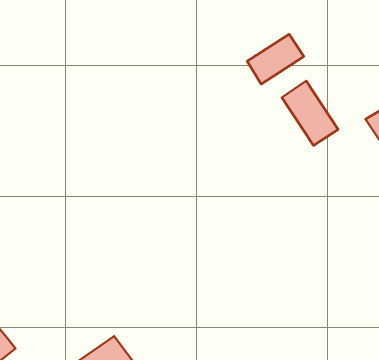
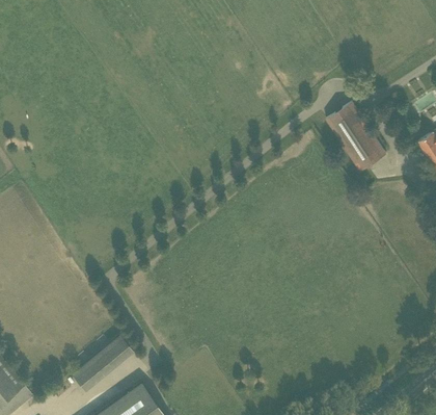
building: [247,34,304,84] -> none
building: none -> [69,335,132,391]

